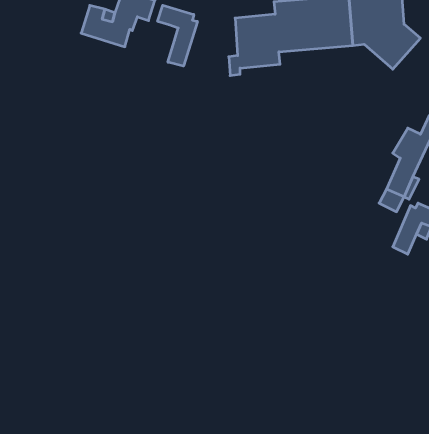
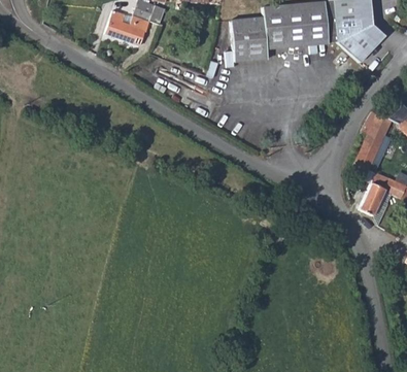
building: [158,5,197,66] -> none

